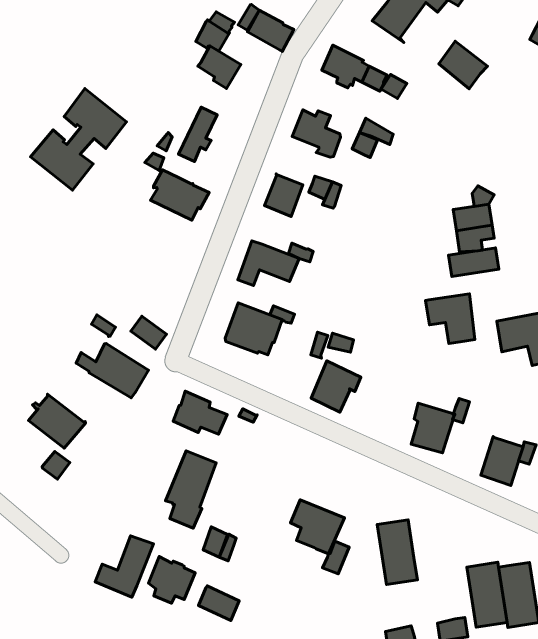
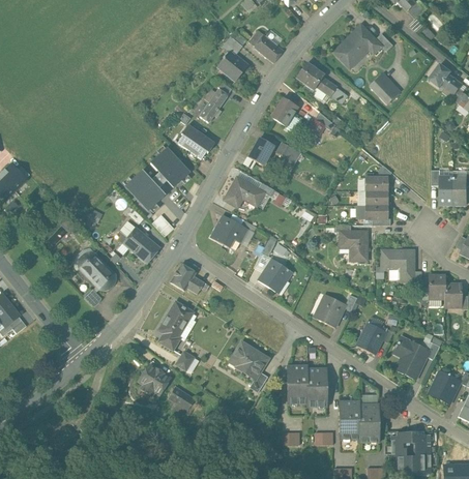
building: [31,88,127,190] -> [126,148,189,210]
building: none -> [307,368,327,407]
building: [95,536,153,597] -> none

